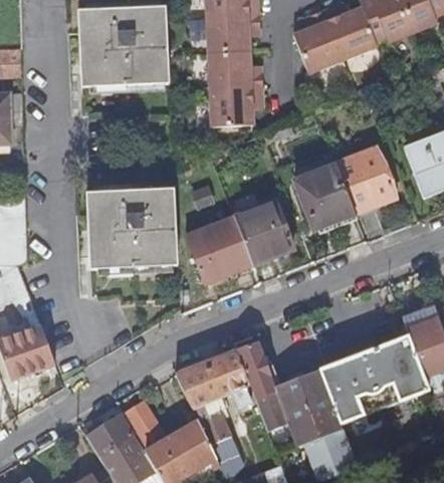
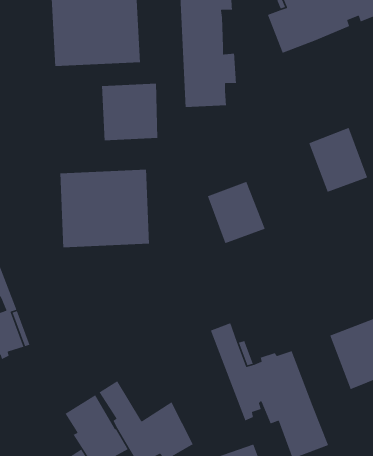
building: none -> [101,83,158,141]
building: [295,162,354,227] -> none
building: [187,215,251,281] -> none
building: [175,349,251,471] -> none
building: [318,354,377,425] -> none

